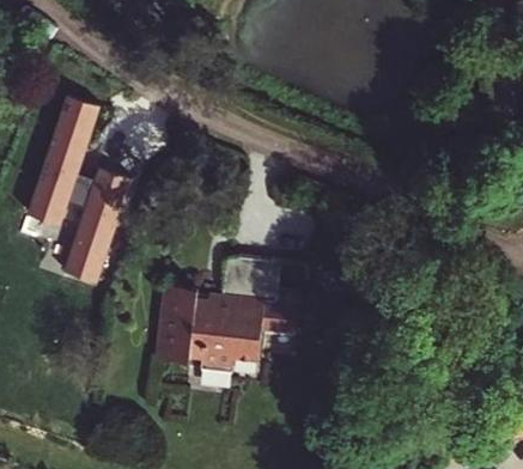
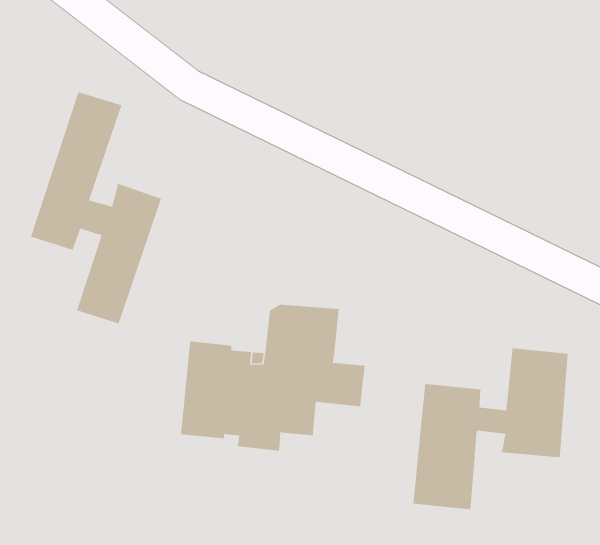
building: none -> [413,347,568,510]

